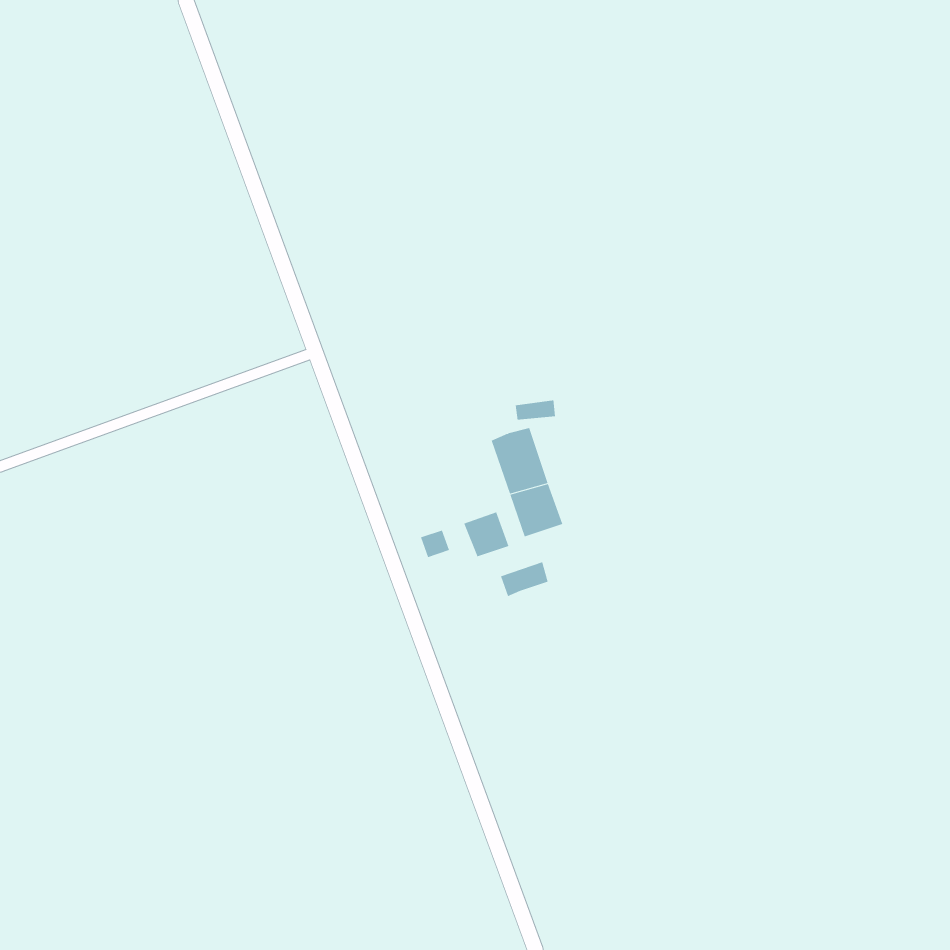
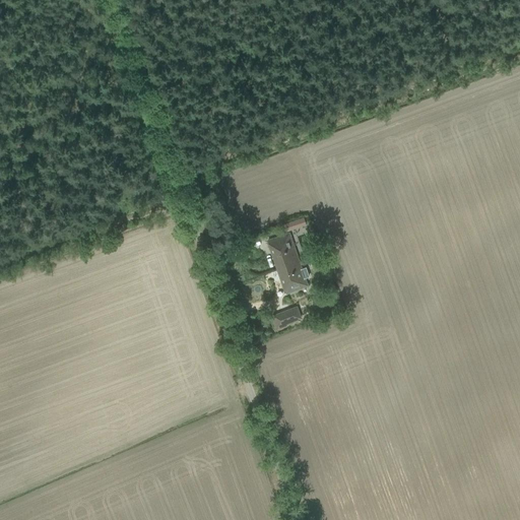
building: [464,512,509,557] -> none

